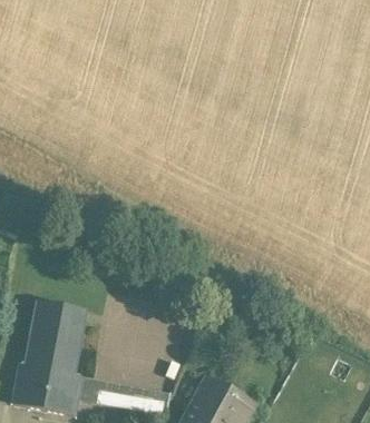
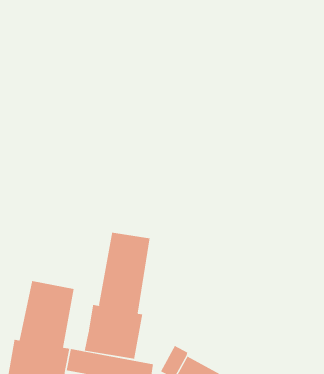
building: none -> [84,232,150,359]

